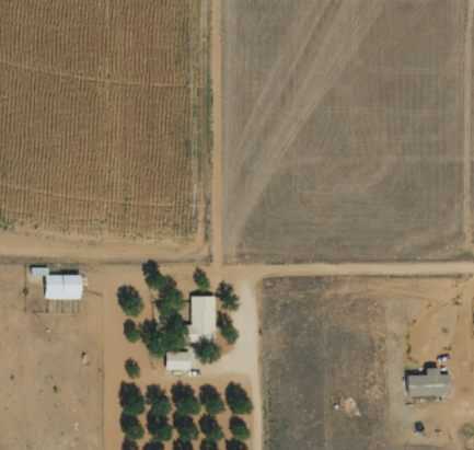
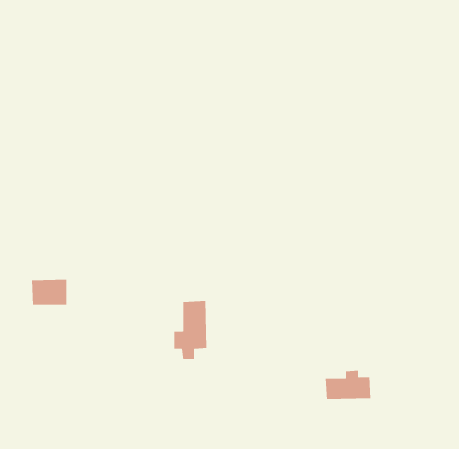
building: [165,350,190,369] -> none
building: [406,367,451,395] -> [325,370,371,400]

